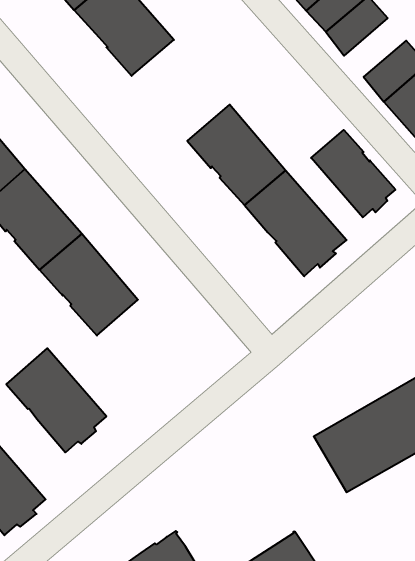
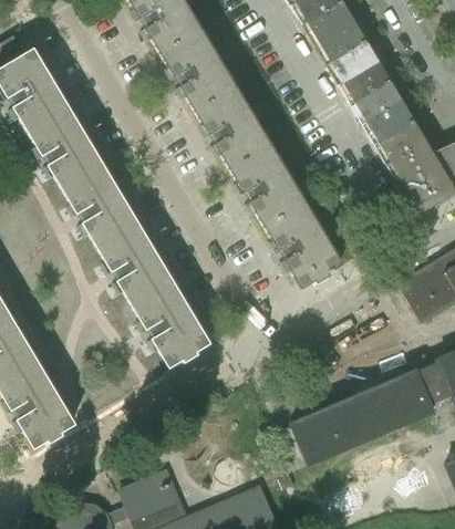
building: none -> [364,102,414,144]
building: none -> [197,90,269,169]
building: [311,130,395,217] -> none
building: [6,348,106,452] -> [135,286,208,369]

